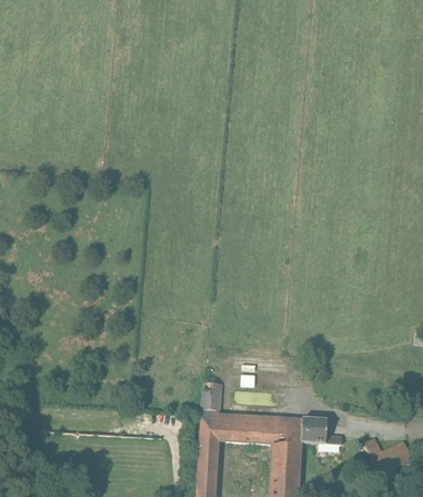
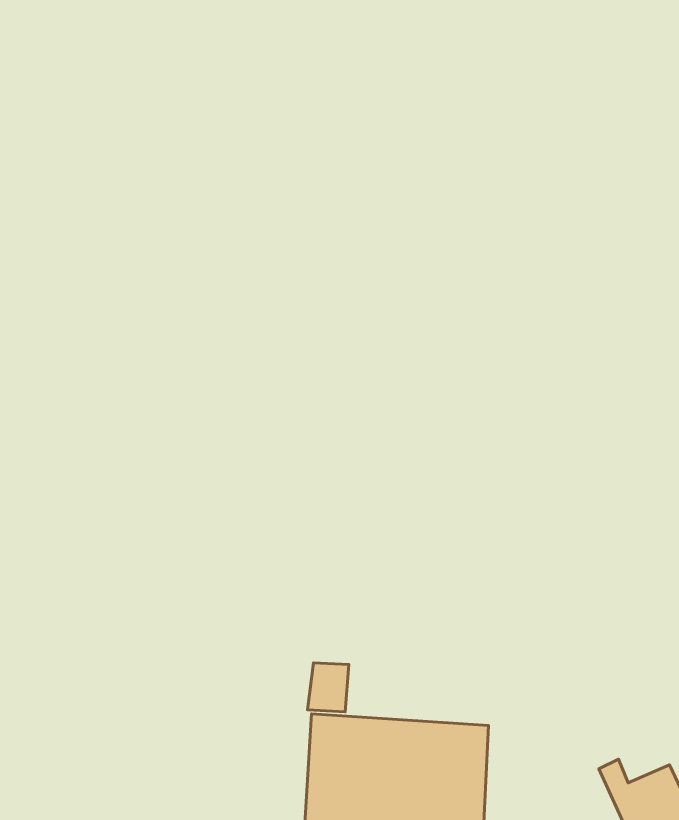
building: [302,417,342,444] -> none

